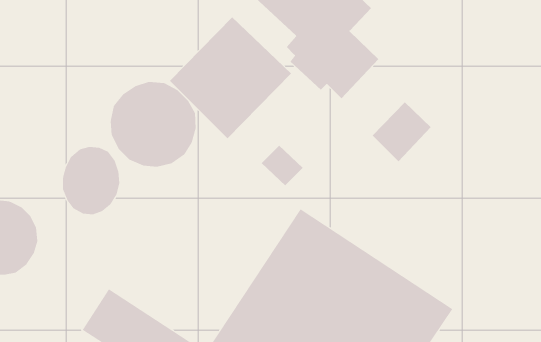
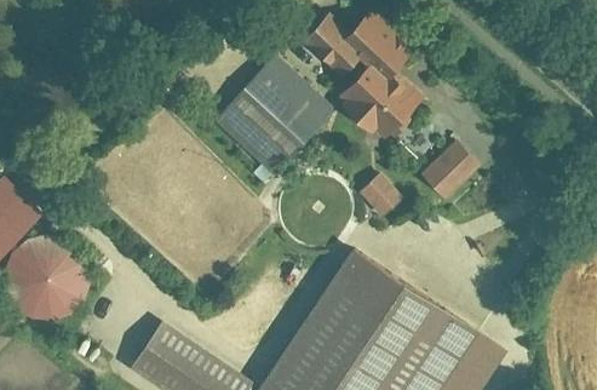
building: [110,81,196,167] -> none
building: [261,145,303,186] -> [363,172,406,213]
building: [62,146,120,215] -> none

